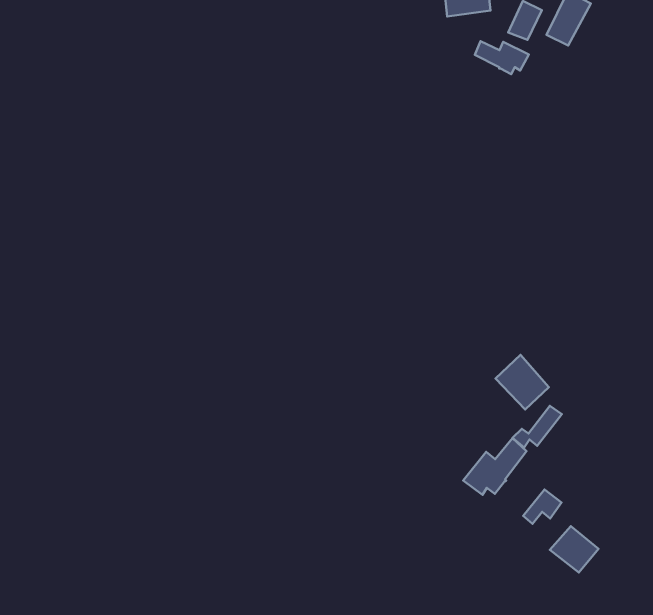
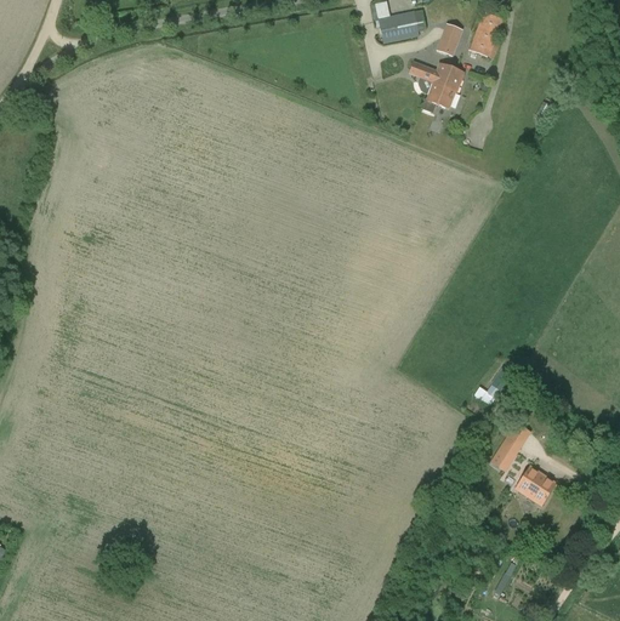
building: none -> [420,68,463,113]
building: [496,355,549,410] -> none
building: [463,438,527,495] -> none

